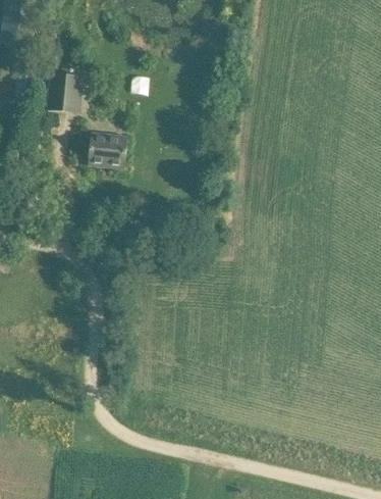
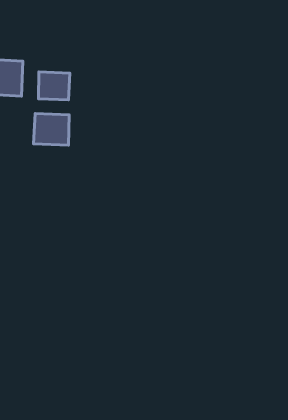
building: none -> [38,72,70,100]

